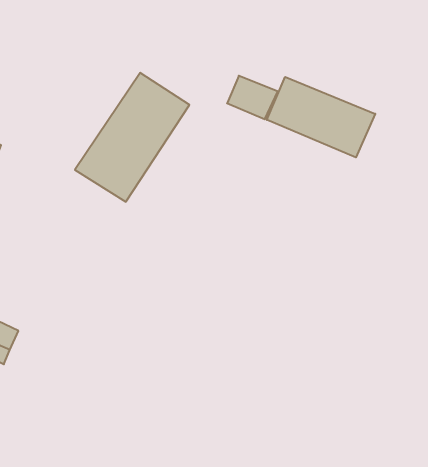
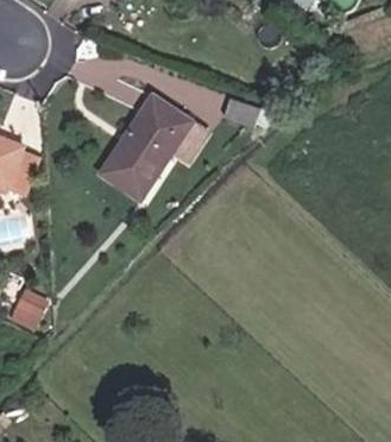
building: [267,77,375,157] -> none

